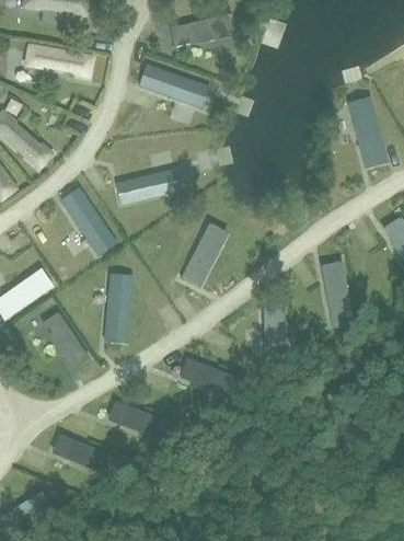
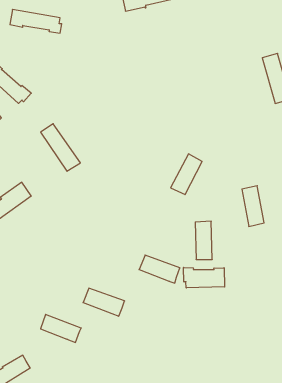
building: [139,66,203,104] -> none
building: [114,169,180,204] -> none
building: [180,233,220,286] -> [171,154,202,195]
building: [104,278,130,342] -> none
building: [44,312,88,368] -> none
building: none -> [184,267,225,288]

